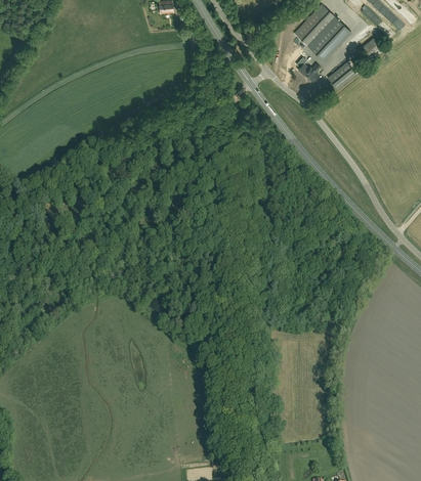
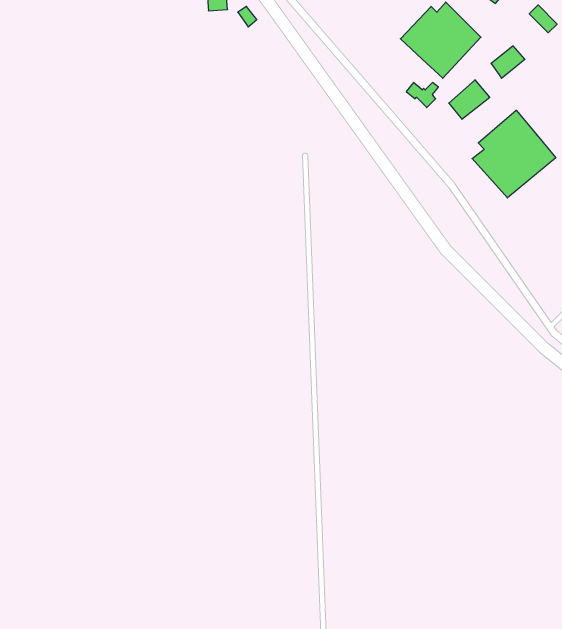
building: none -> [472,110,556,198]

